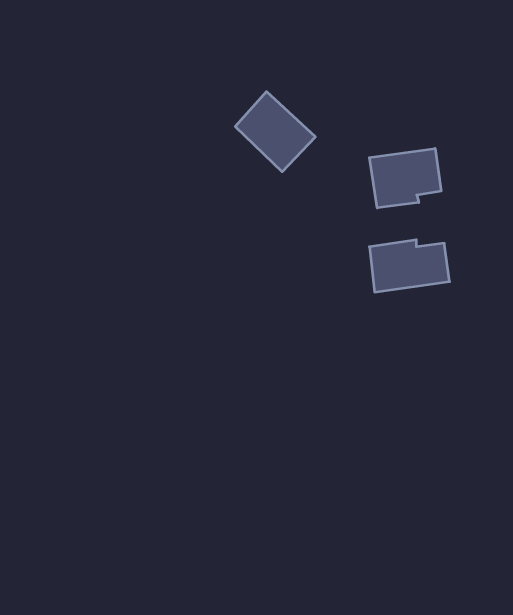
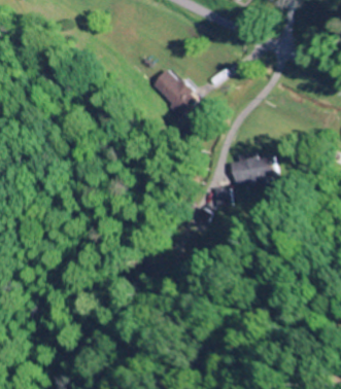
building: [369,148,441,208] -> none

